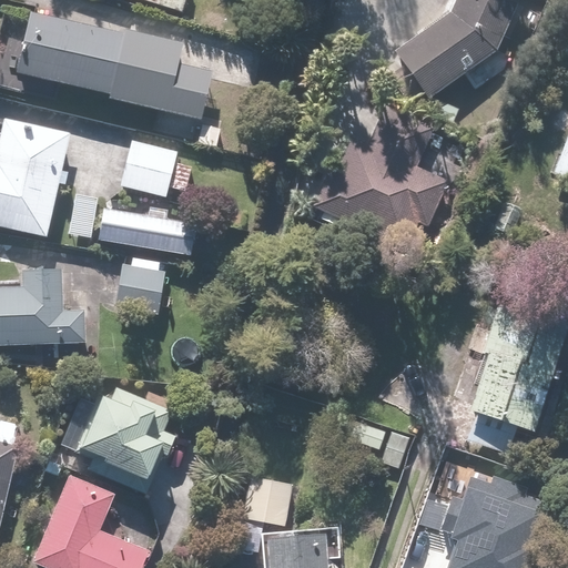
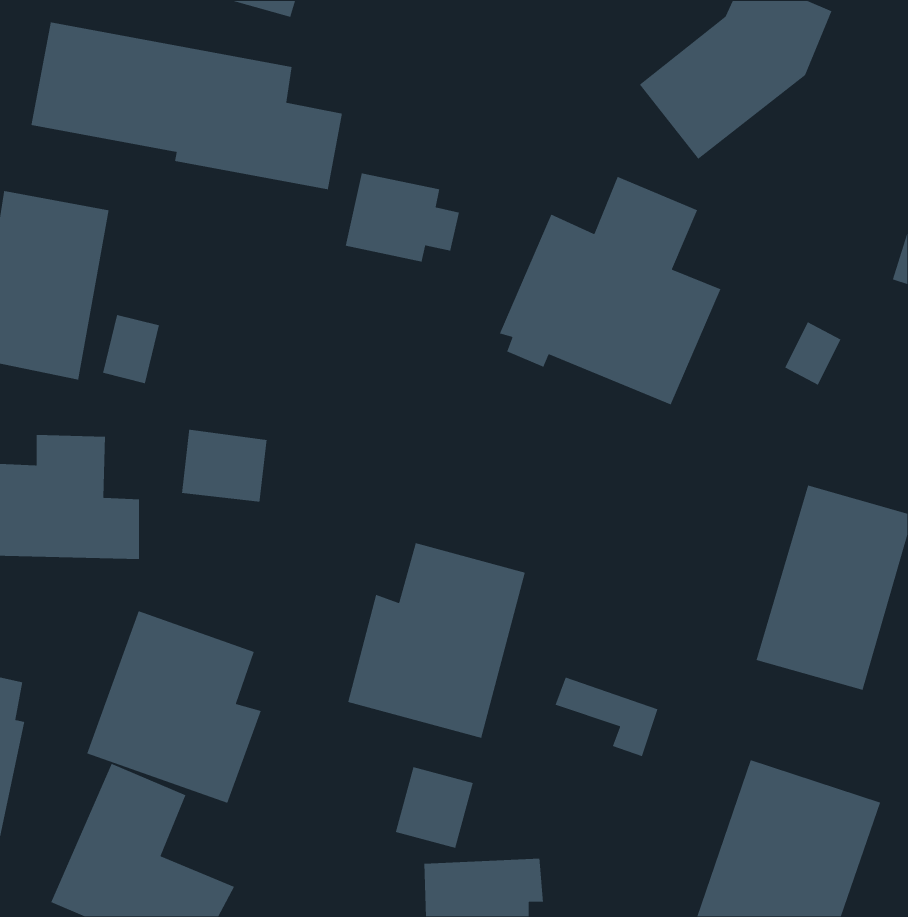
building: [116,141,187,196] -> [345,173,460,262]
building: [99,204,196,253] -> none
building: none -> [347,542,526,739]

